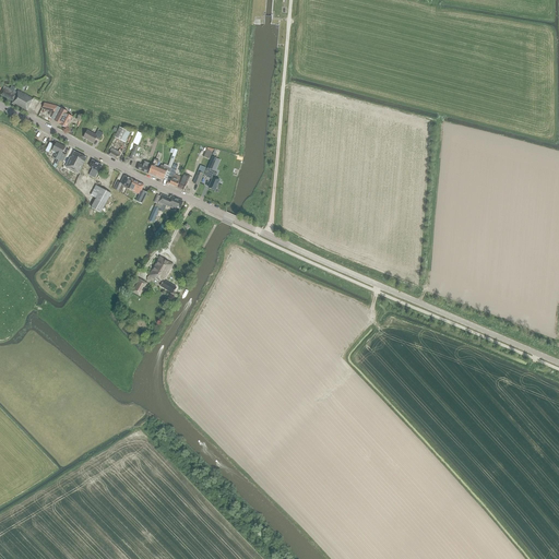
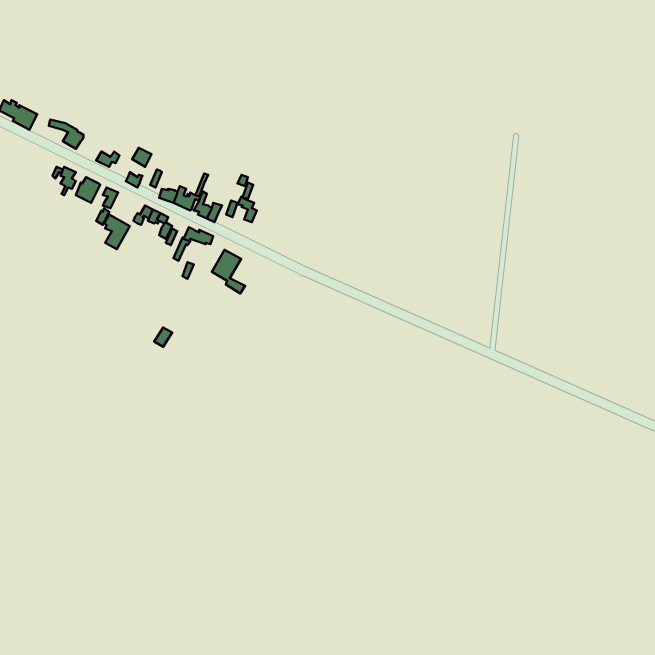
building: [147,255,176,293] -> [212,250,245,294]

